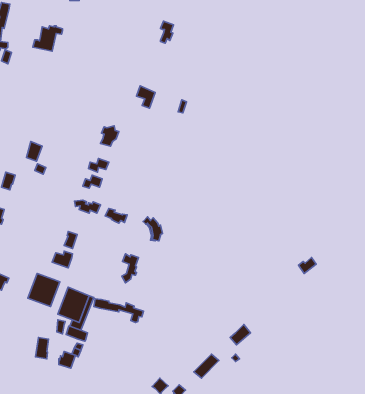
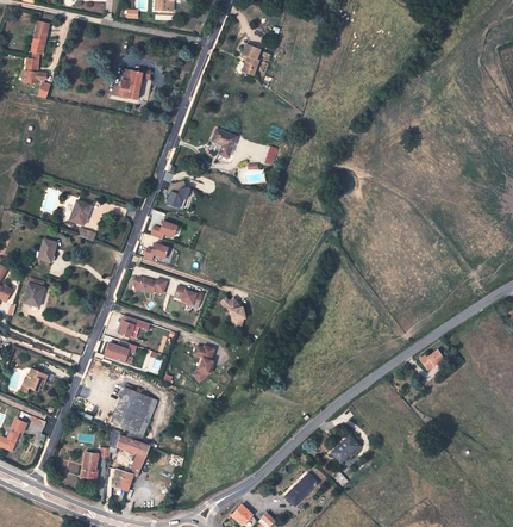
building: [33,26,62,51] -> [112,68,150,100]
building: [28,273,60,307] -> none
building: [94,299,143,322] -> none

